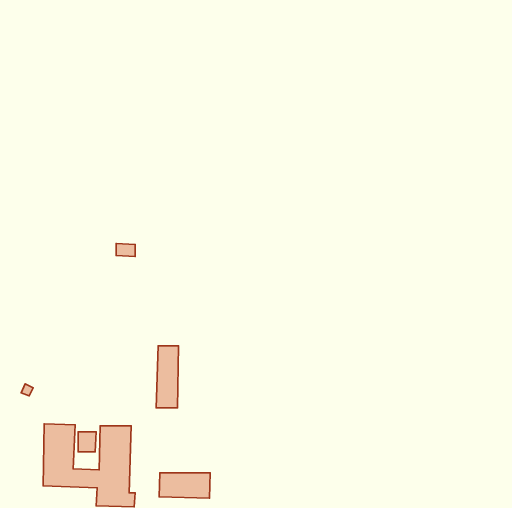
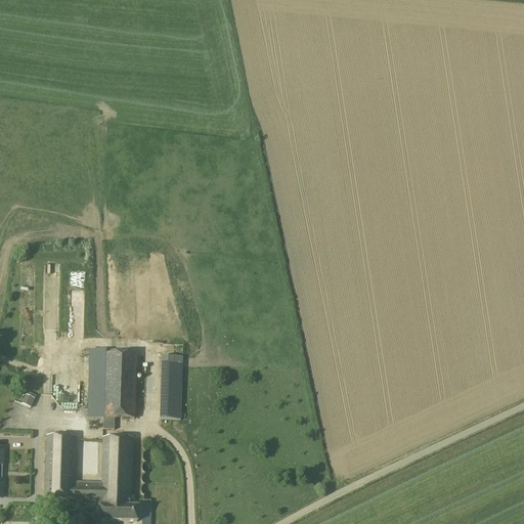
building: none -> [88,347,137,427]
building: [159,473,210,498] -> none

